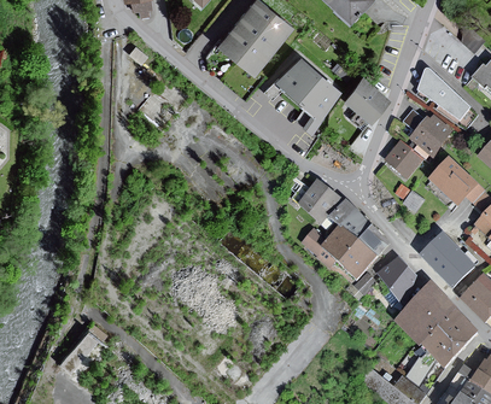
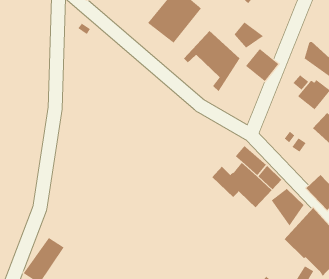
building: none -> [234,21,264,49]
building: [386,141,422,176] -> none
building: [292,177,343,235] -> none

